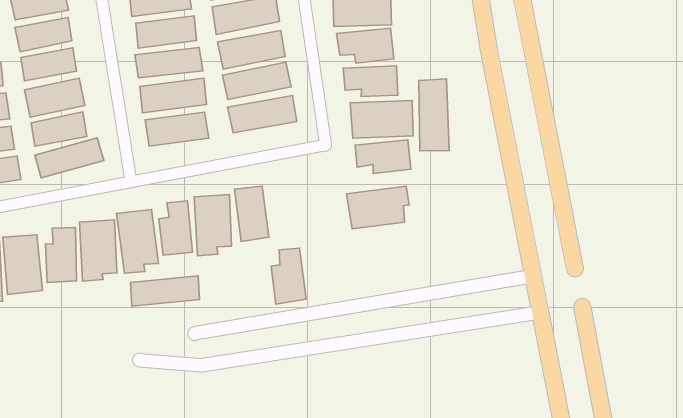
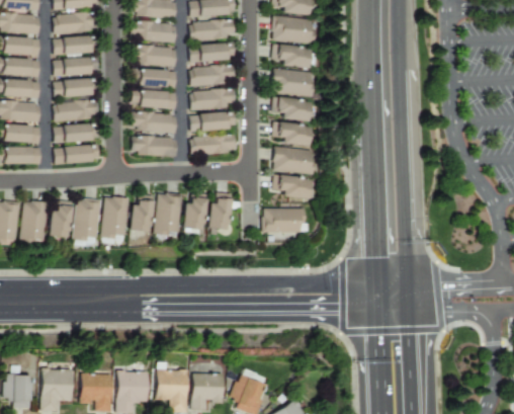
building: [419,79,449,151] -> none
building: [271,248,306,304] -> [209,193,232,230]
building: [130,276,199,306] -> none

